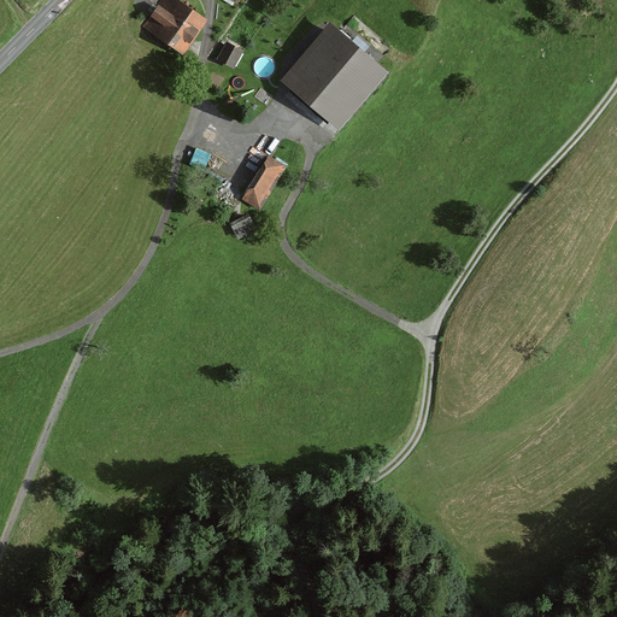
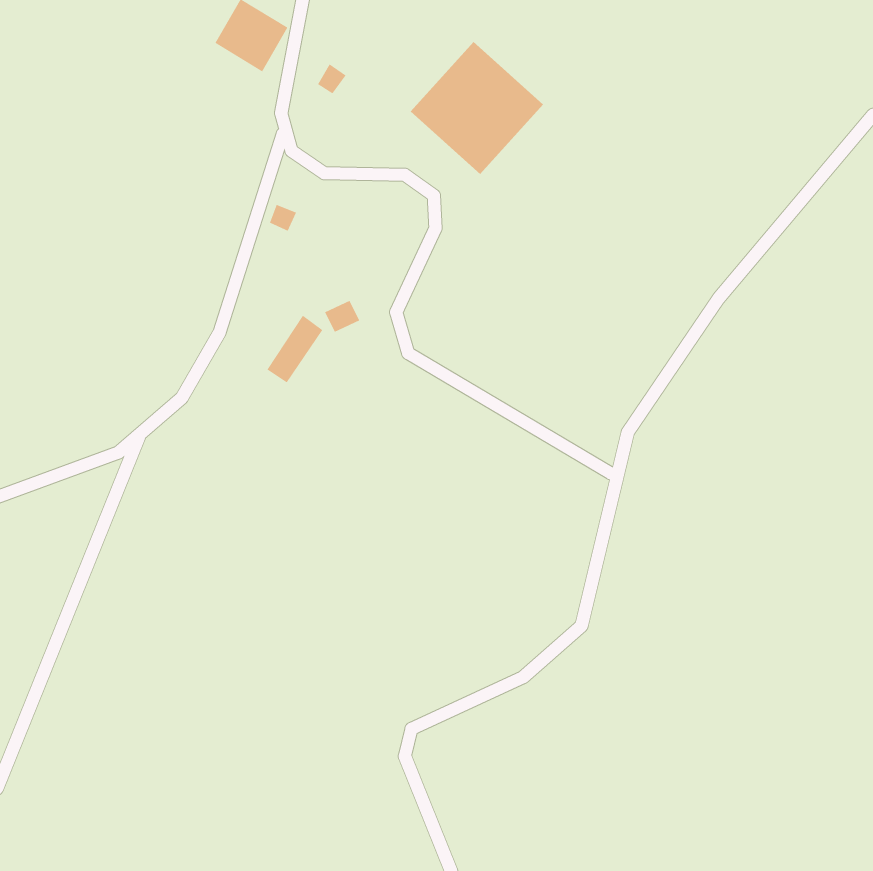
building: [241,154,281,202] -> [267,315,323,383]

